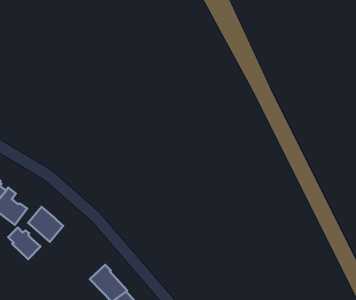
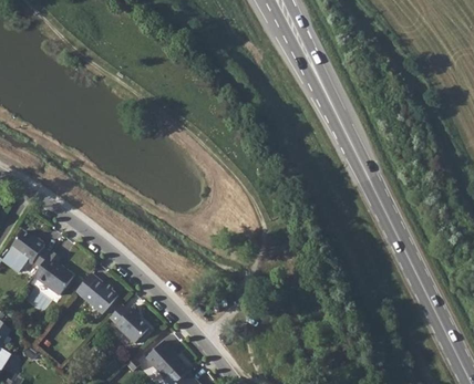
building: [8,228,41,259] -> [111,304,148,341]

